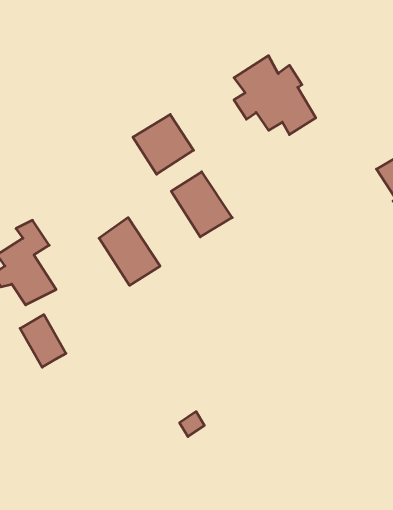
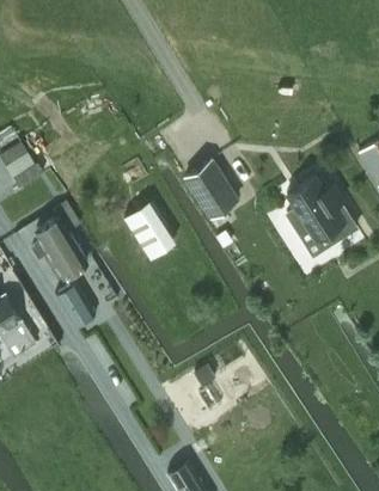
building: [234,56,316,135] -> [286,177,356,245]
building: [133,114,194,174] -> none

